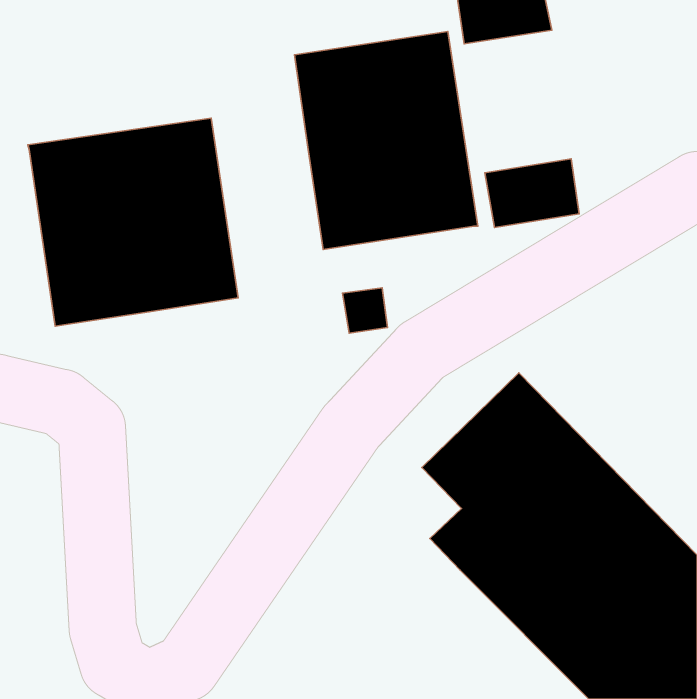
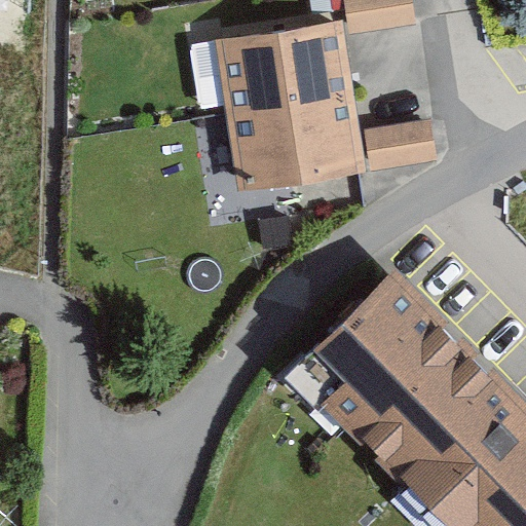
building: [28,118,238,326] -> none

